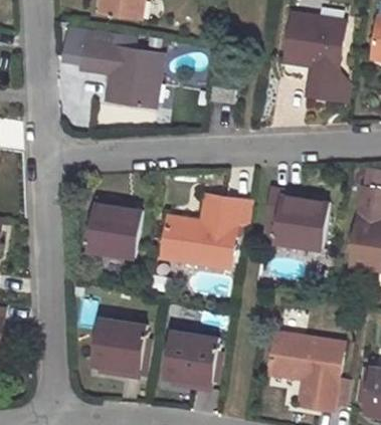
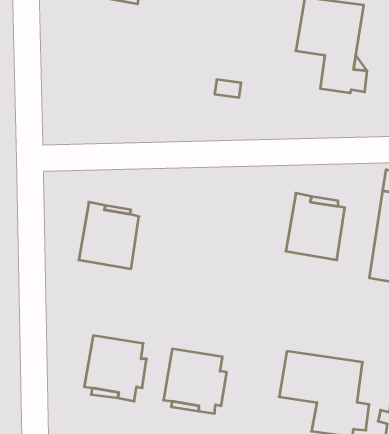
building: [79,30,163,108] -> none
building: [161,195,251,268] -> none

